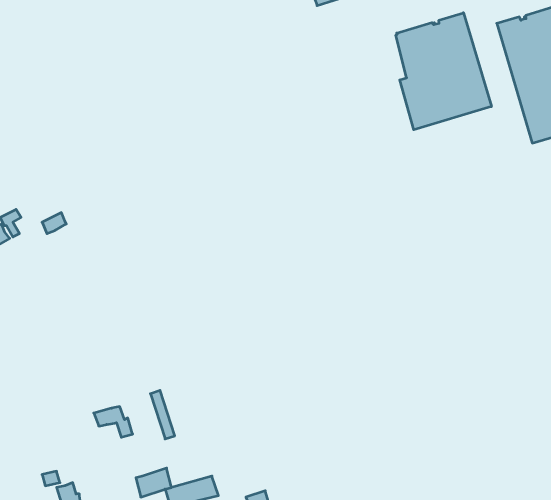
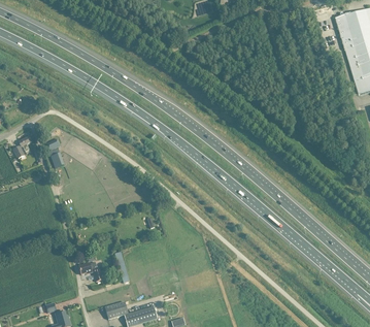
building: [396,13,491,130] -> none

